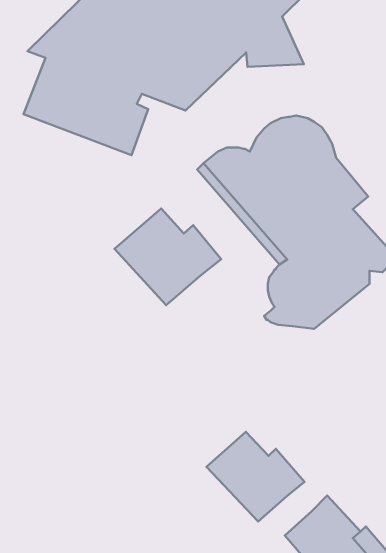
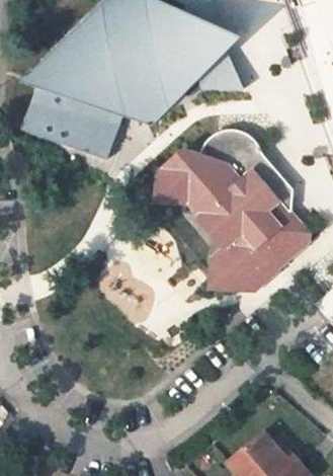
building: [115,209,221,305] -> none
building: [207,432,304,521] -> none

